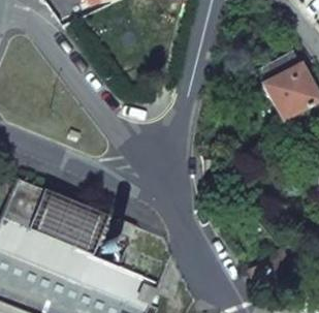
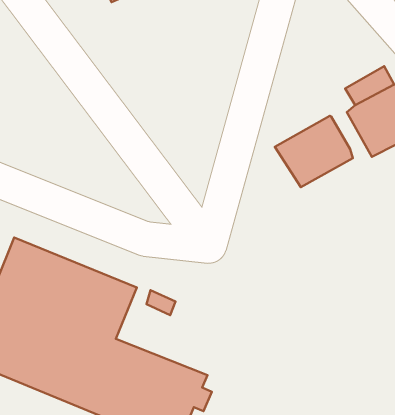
building: none -> [275,116,353,187]

